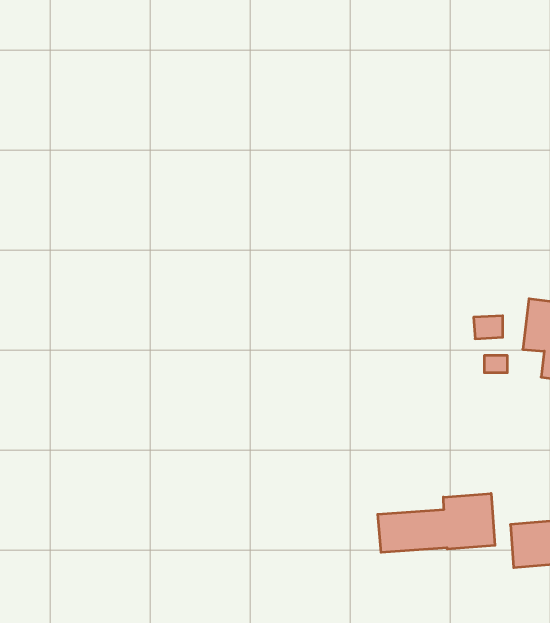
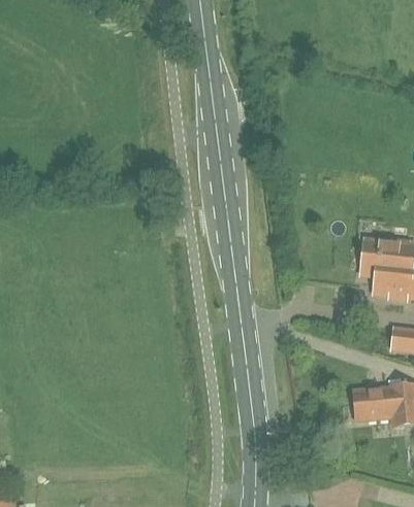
building: [378,493,495,552] -> none

